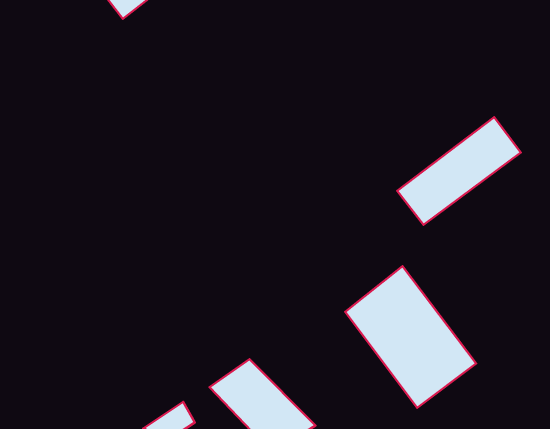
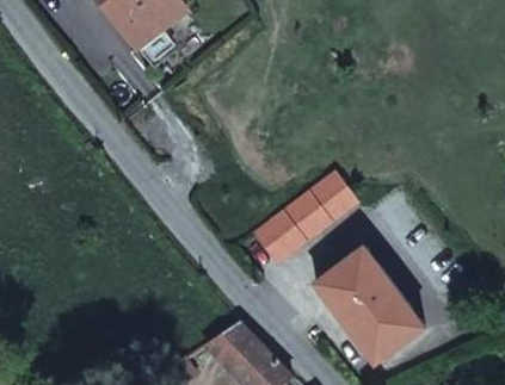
building: [397,117,521,225] -> [255,174,356,261]

